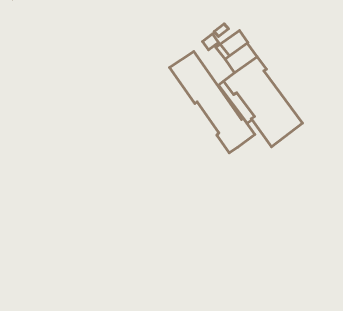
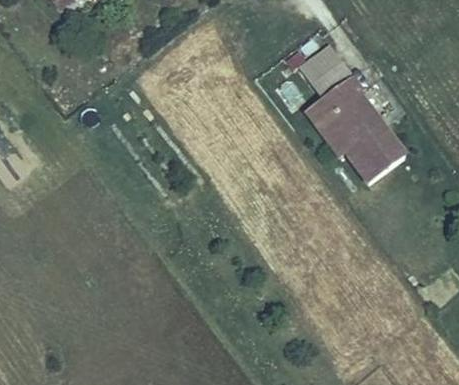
building: [169,51,255,153] -> none

